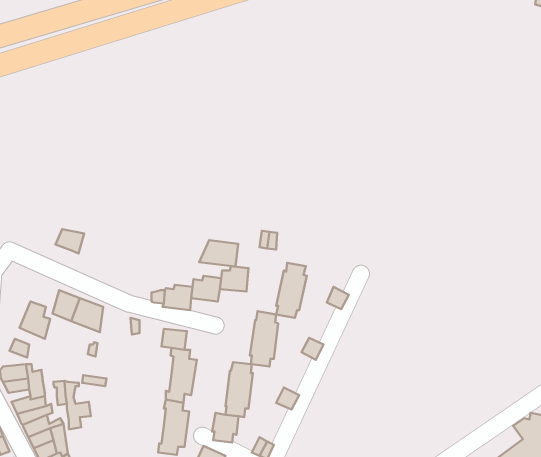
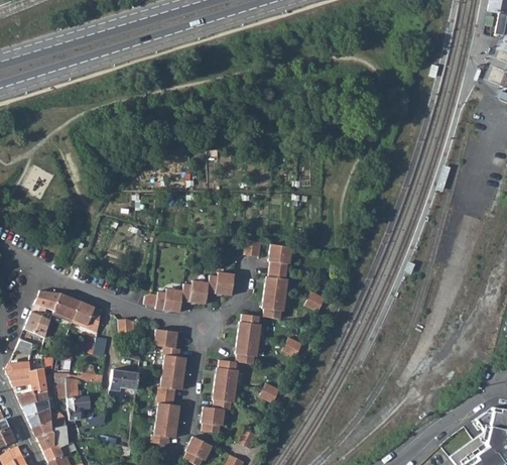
building: [55,229,84,253] -> [34,290,60,313]
building: none -> [268,244,293,272]
building: [199,240,238,267] -> none
building: none -> [110,370,138,391]

